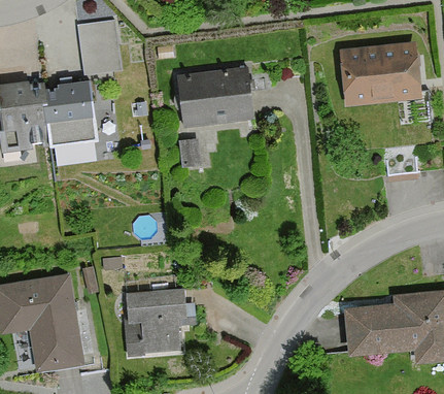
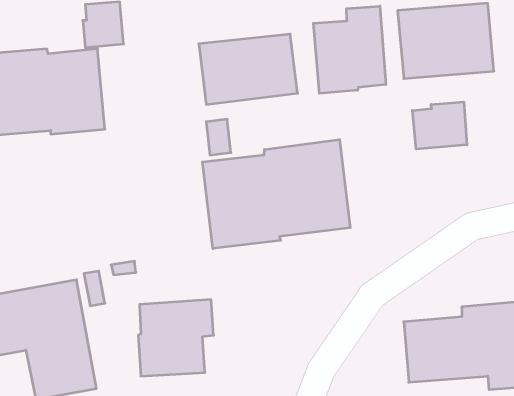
building: none -> [313,6,386,93]
building: none -> [412,102,467,149]
building: none -> [202,140,350,249]

